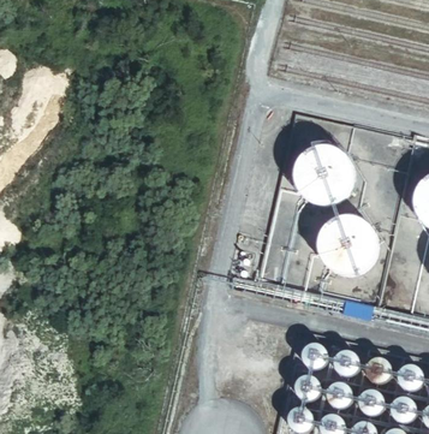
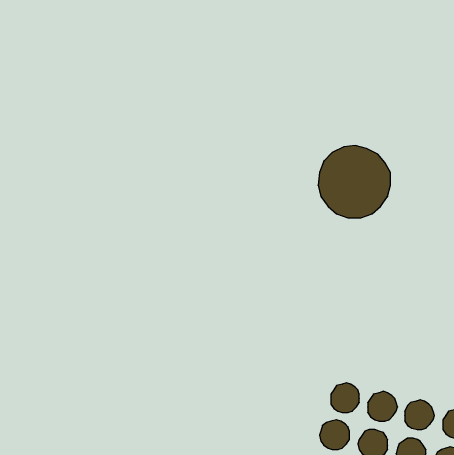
building: [315,213,376,274] -> none

